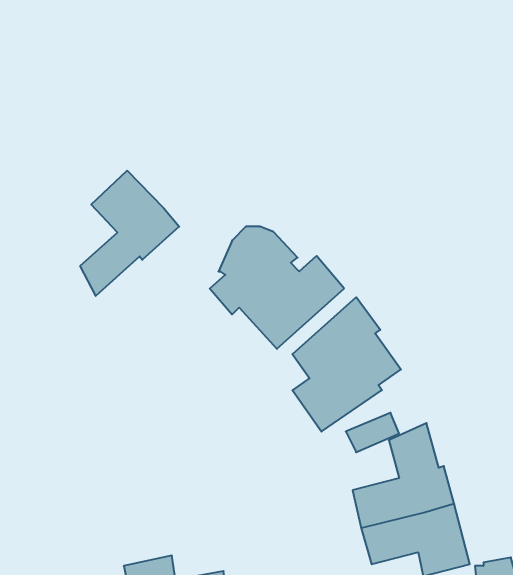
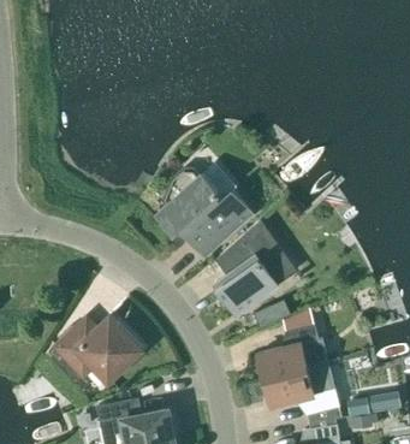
building: [80,171,179,296] -> none
building: none -> [55,315,141,380]

